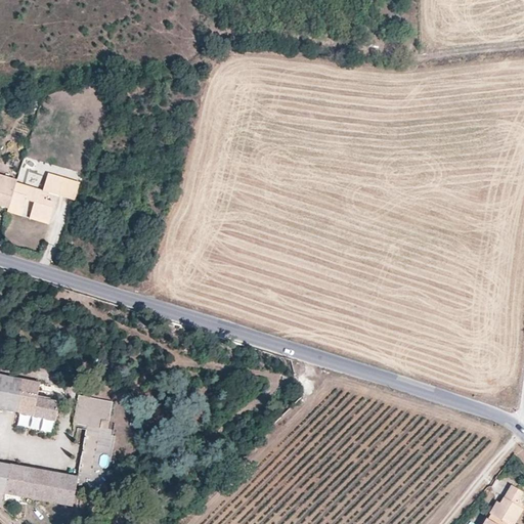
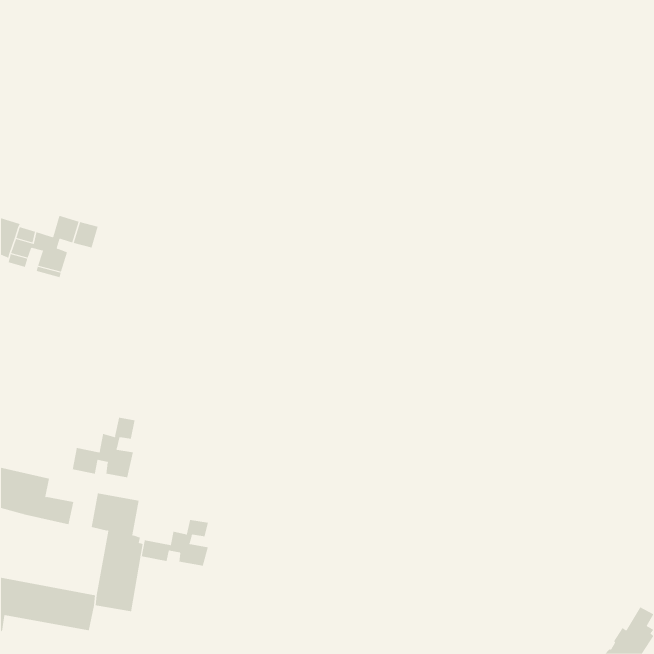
building: none -> [72,417,135,478]
building: none -> [141,519,208,567]

